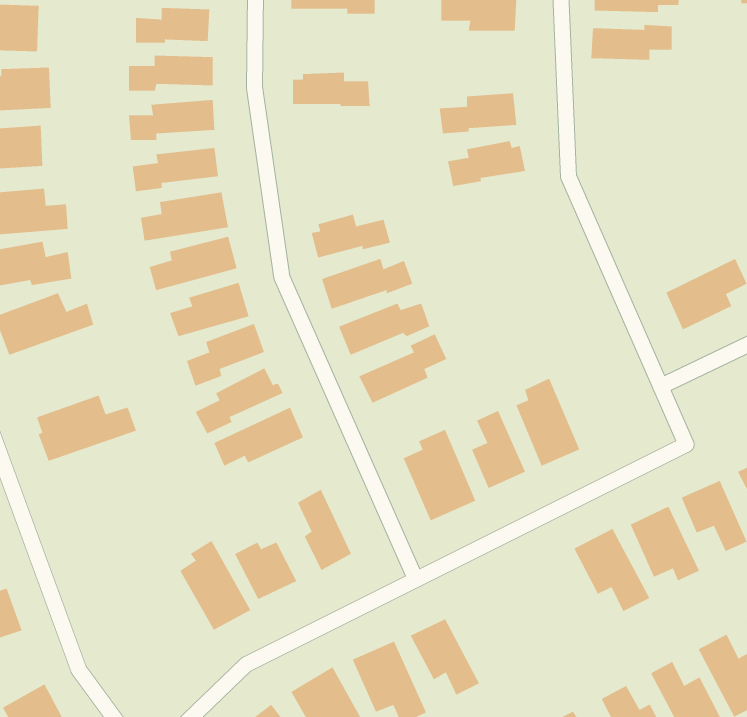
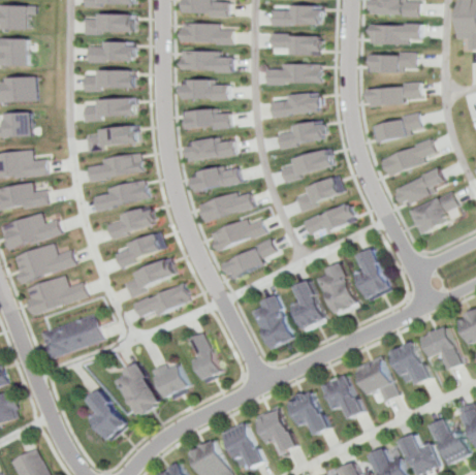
building: none -> [181,50,232,71]
building: none -> [267,63,321,84]
building: none -> [366,81,417,106]
building: none -> [183,107,231,129]
building: none -> [373,112,418,141]
building: none -> [187,135,236,160]
building: none -> [379,138,434,176]
building: none -> [281,148,334,182]
building: none -> [395,168,442,204]
building: none -> [295,175,342,212]
building: none -> [305,200,354,234]
building: none -> [13,242,76,283]
building: none -> [352,249,388,300]
building: none -> [41,315,103,360]
building: none -> [320,377,363,422]
building: none -> [83,389,124,440]
building: none -> [287,392,330,438]

